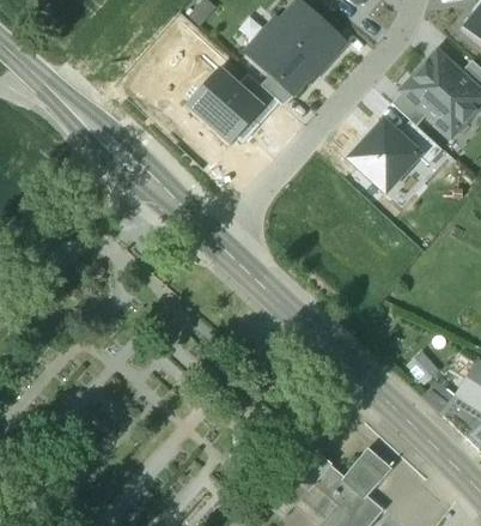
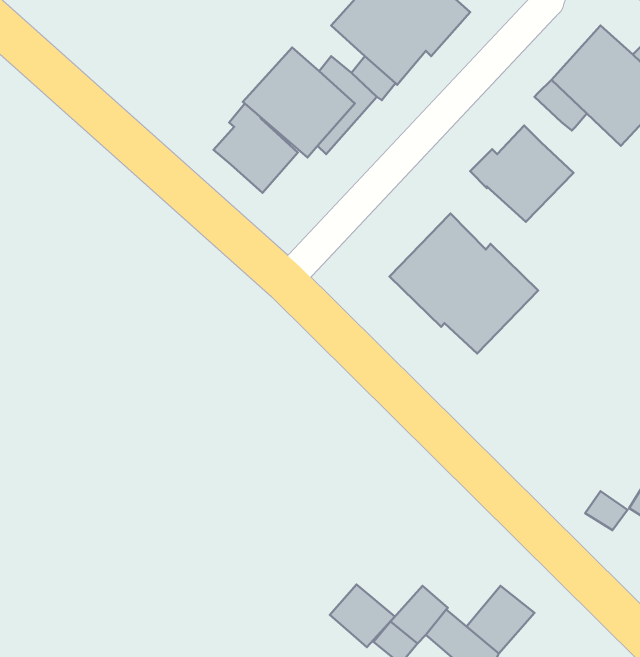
building: none -> [214,104,298,193]
building: [395,120,442,164] -> none
building: none -> [390,214,538,354]
building: none -> [330,584,395,647]

